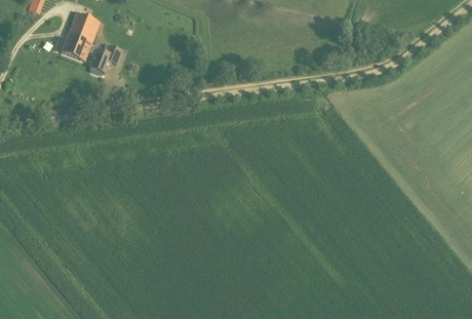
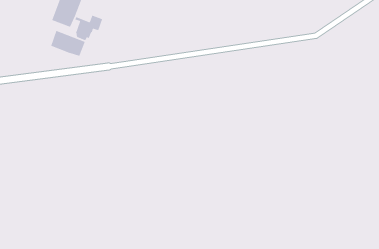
building: none -> [50,30,86,57]

